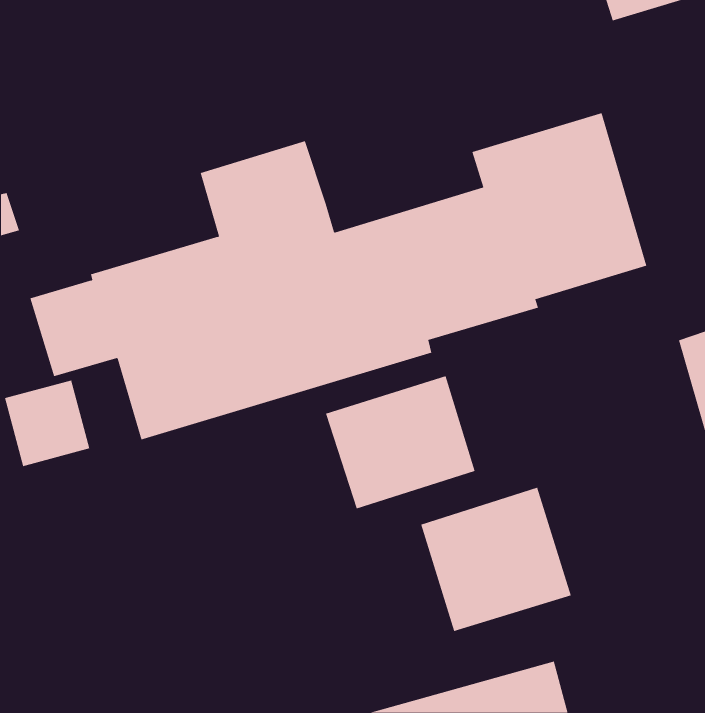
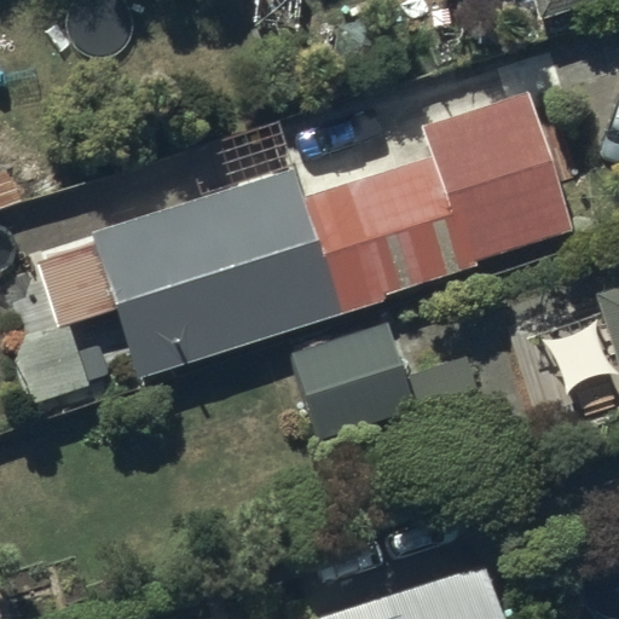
building: [420,487,572,632] -> none

